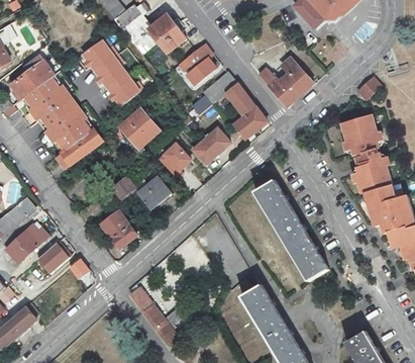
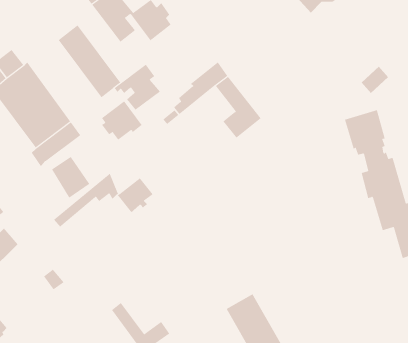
building: [175,43,217,86] -> [114,64,161,111]
building: [258,57,313,104] -> none
building: [193,127,231,165] -> none
building: [159,143,193,180] -> none
building: [249,178,326,284] -> none
building: [102,210,137,249] -> [51,156,90,198]
building: [36,244,69,274] -> none

